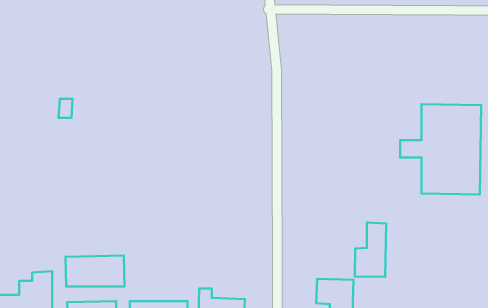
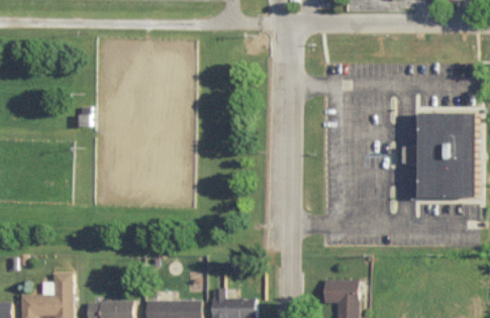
building: [355,222,386,277] -> none
building: [66,255,125,286] -> none

